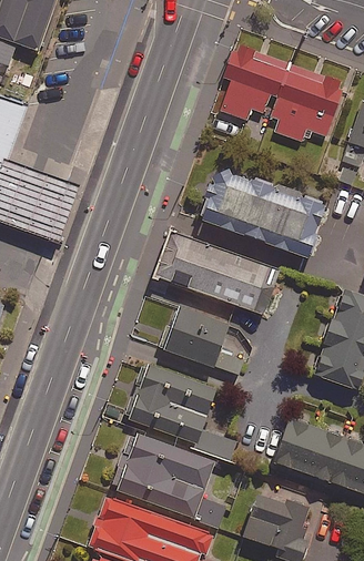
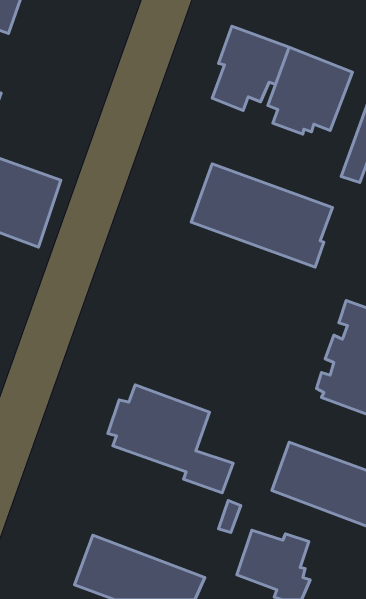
building: [158,233,279,315] -> none
building: [156,309,242,376] -> none
building: [109,435,224,527] -> none

